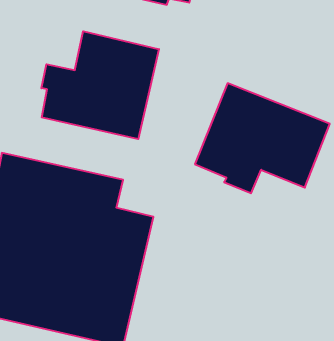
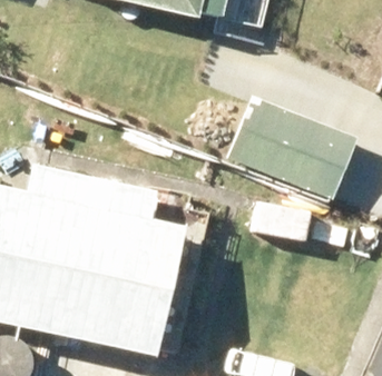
building: [41,31,159,139] -> none

